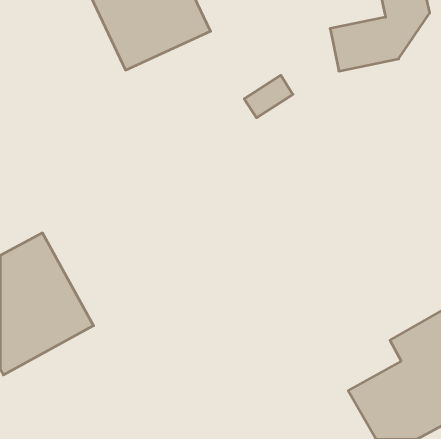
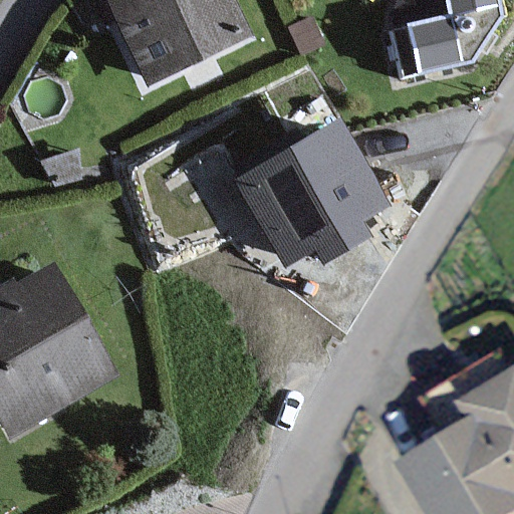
building: none -> [238,127,382,261]

